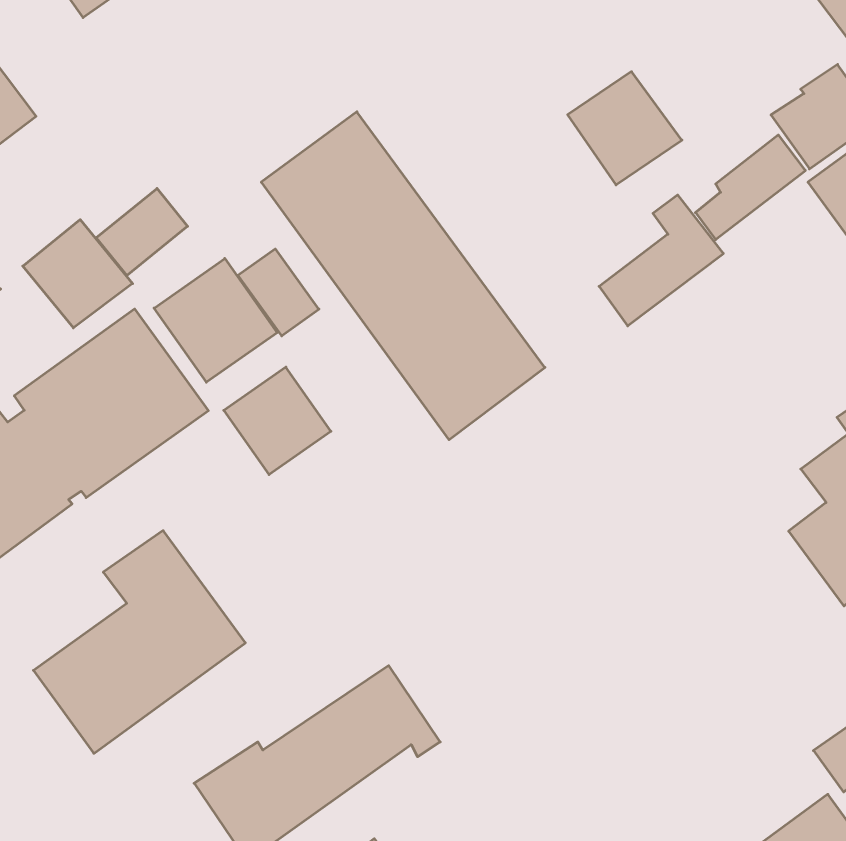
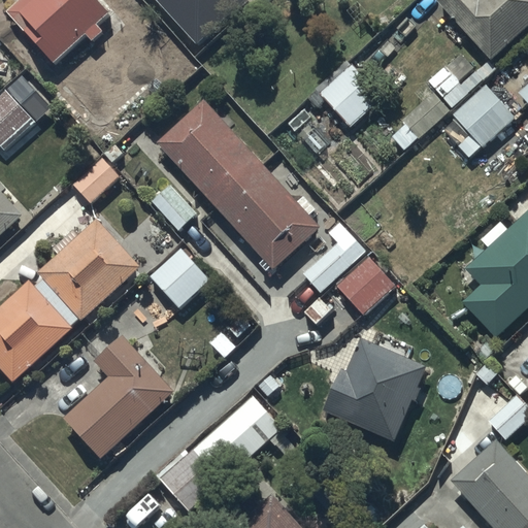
building: [599,195,723,326] -> [303,219,368,292]
building: [23,220,133,328] -> none
building: [154,258,277,382] -> none
building: none -> [337,255,396,314]
building: none -> [325,340,429,440]

